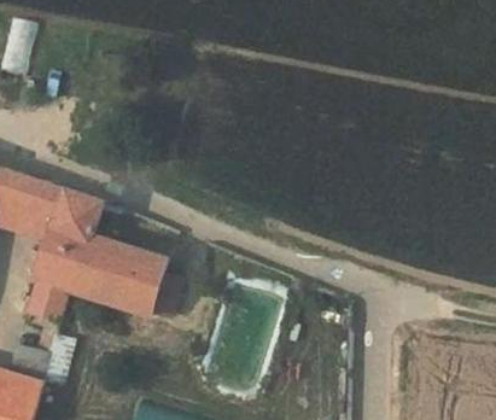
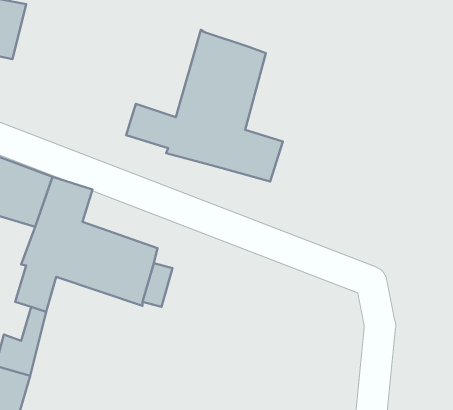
building: none -> [126,30,283,182]

